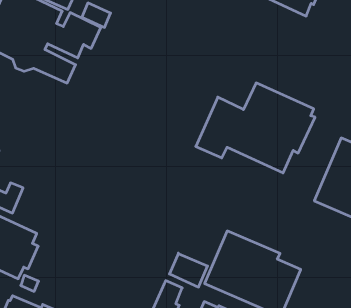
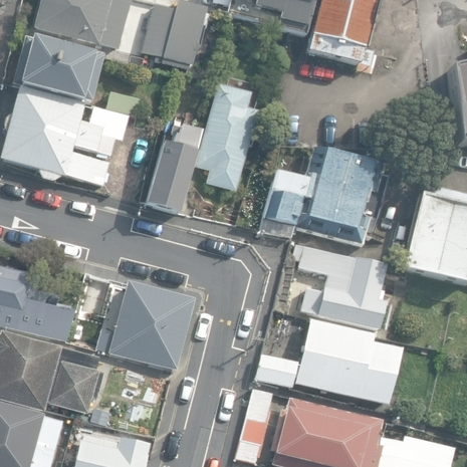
building: none -> [197,84,258,189]
building: none -> [146,124,201,213]
building: none -> [293,242,387,328]
building: none -> [98,280,196,368]

